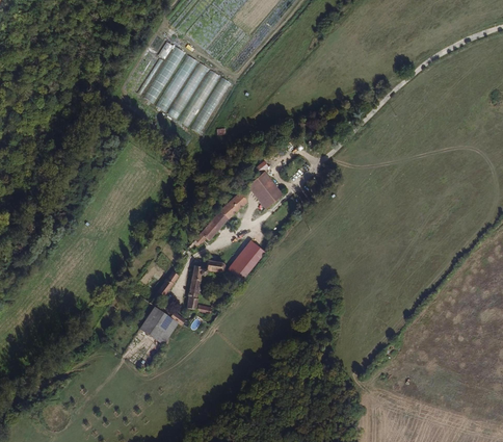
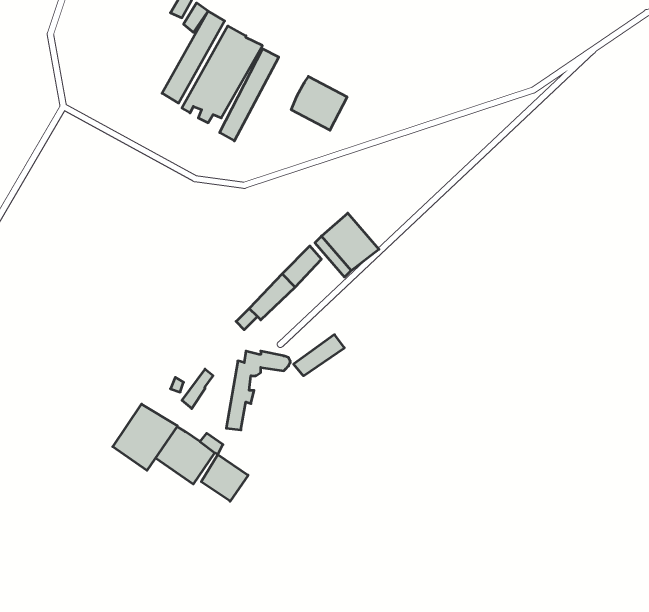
building: none -> [291,76,347,130]
building: none -> [113,404,177,470]
building: none -> [201,455,248,501]

